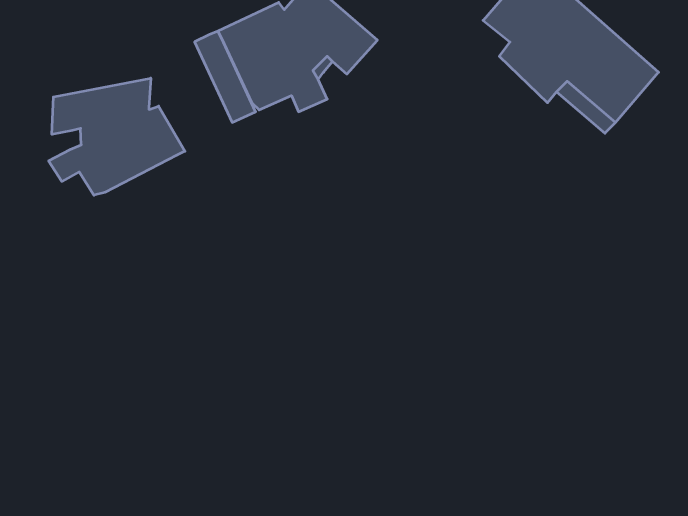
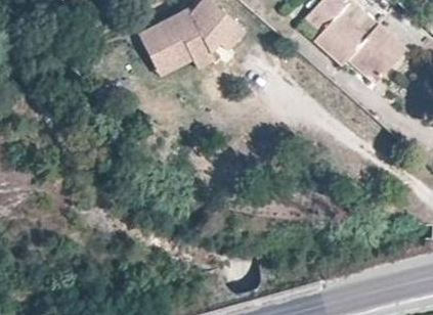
building: [49,78,185,195] -> none

